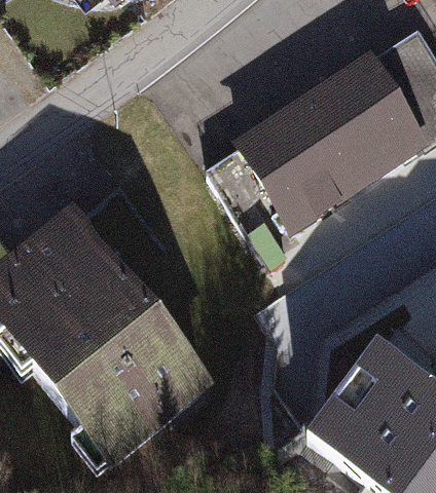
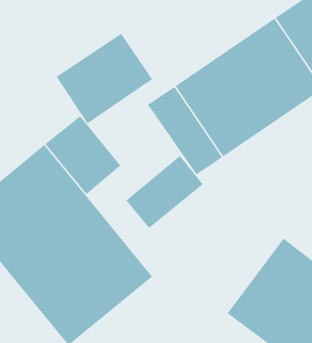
building: none -> [56,33,153,124]
building: none -> [126,155,203,229]

